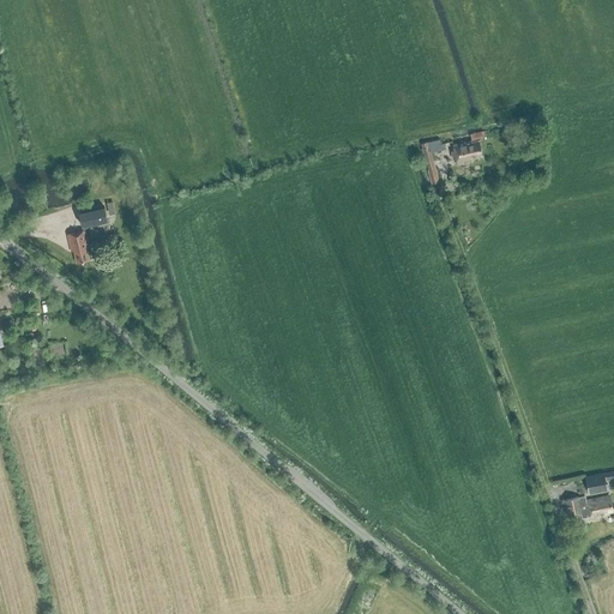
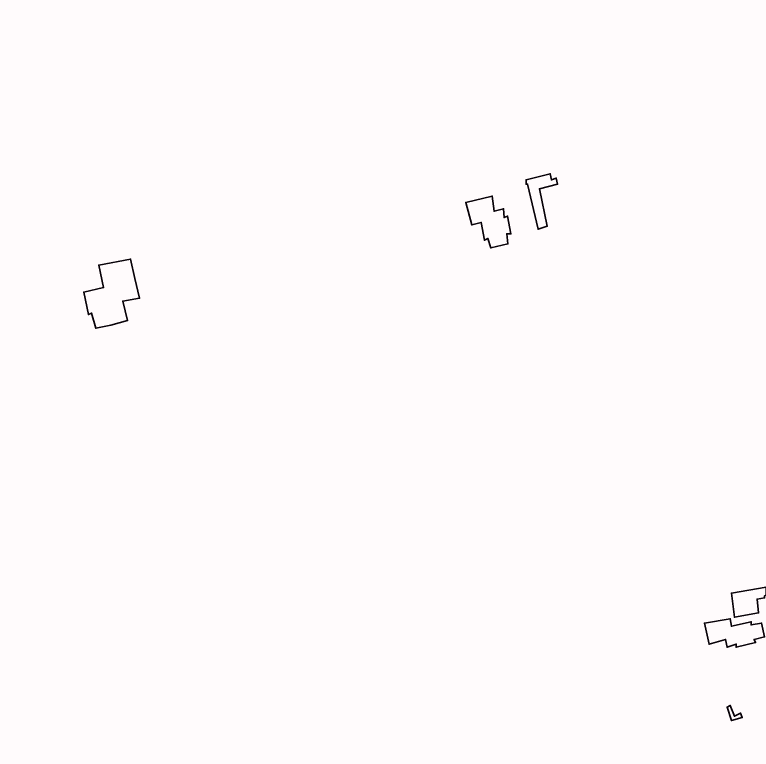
building: [452,134,482,164] -> none
building: none -> [466,196,511,248]

